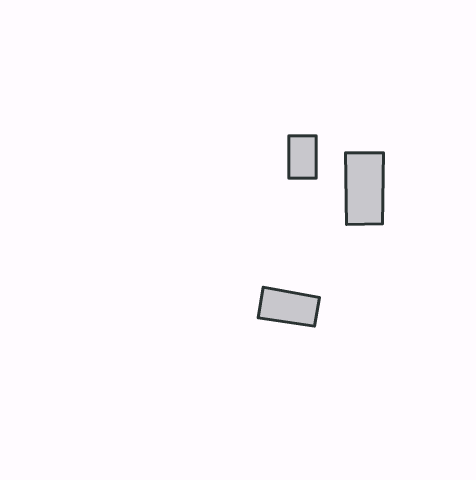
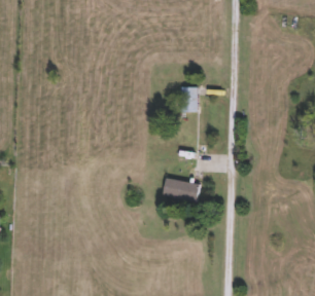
building: [346,153,383,224] -> none

